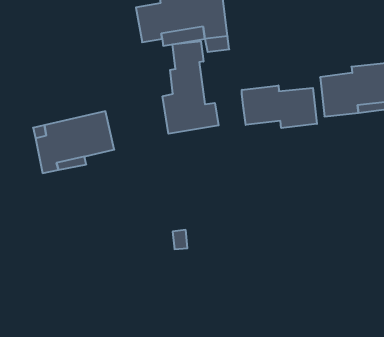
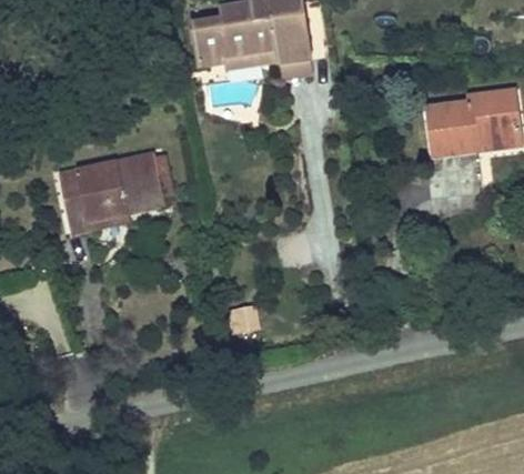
building: [163,41,219,134] -> none
building: [242,85,317,128] -> none

